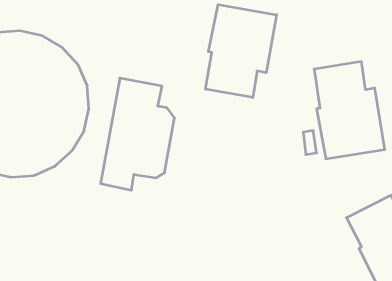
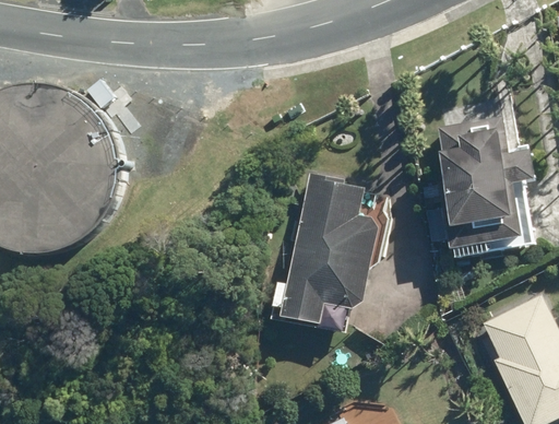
building: [206,5,277,98] -> none
building: [101,78,175,190] -> [281,177,378,325]

